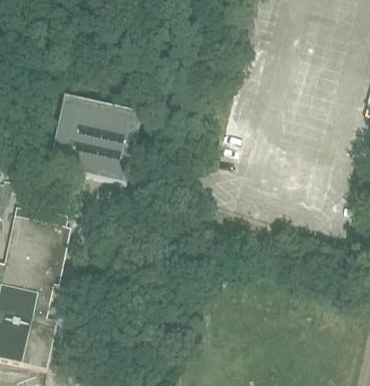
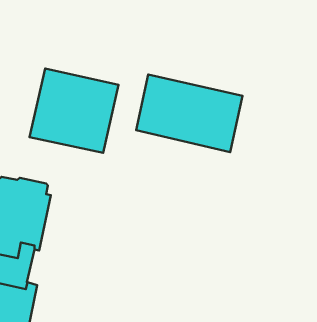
building: none -> [136,75,242,152]

